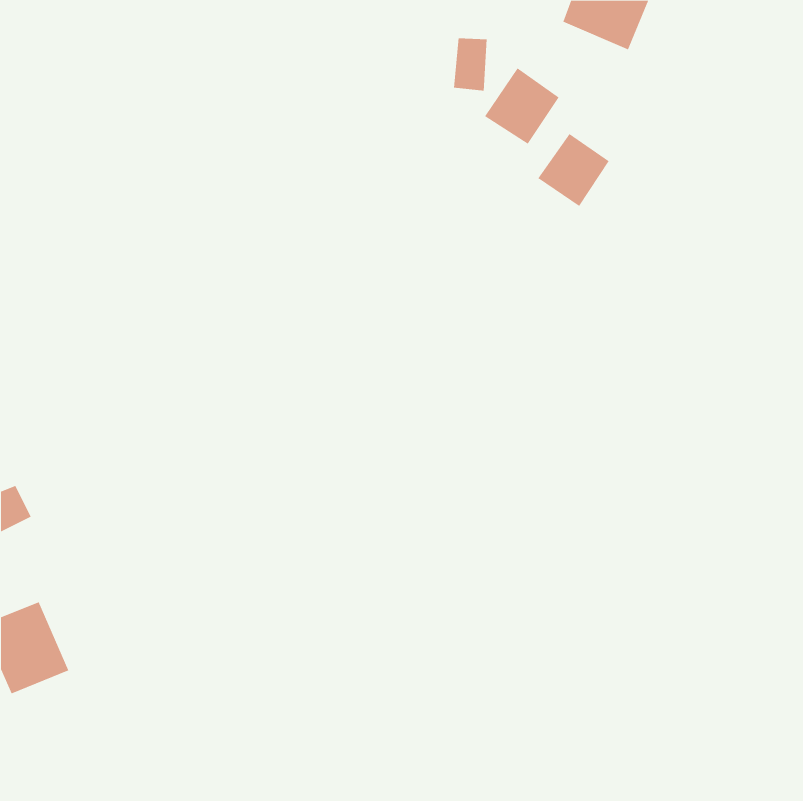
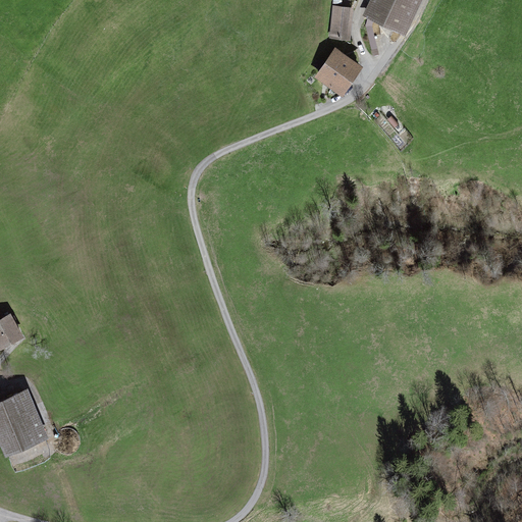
building: [453,38,488,91] -> [330,5,353,40]
building: [538,133,609,207] -> none

